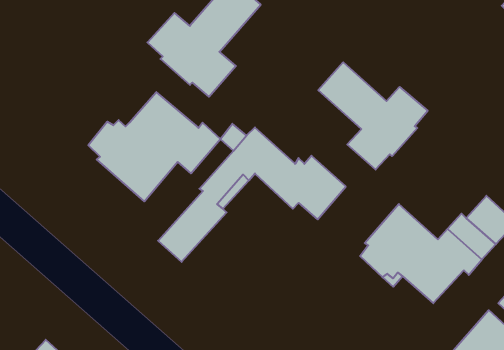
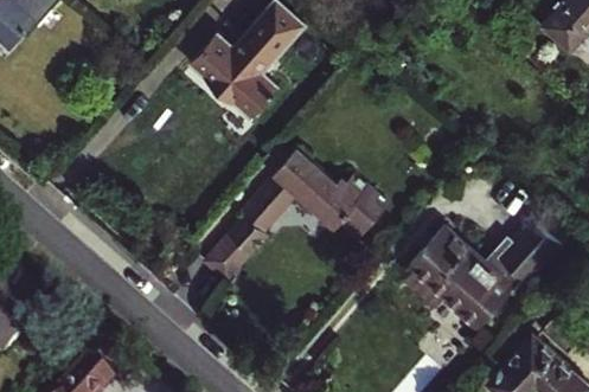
building: [318,62,428,170] -> none
building: [88,92,221,201] -> none

